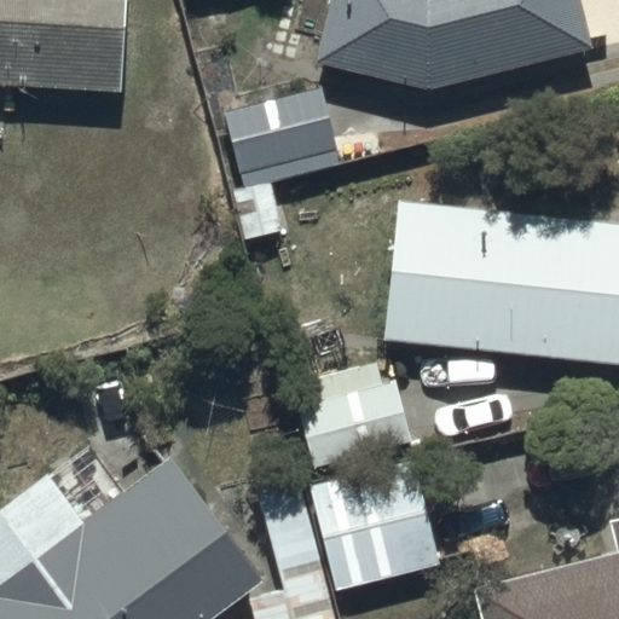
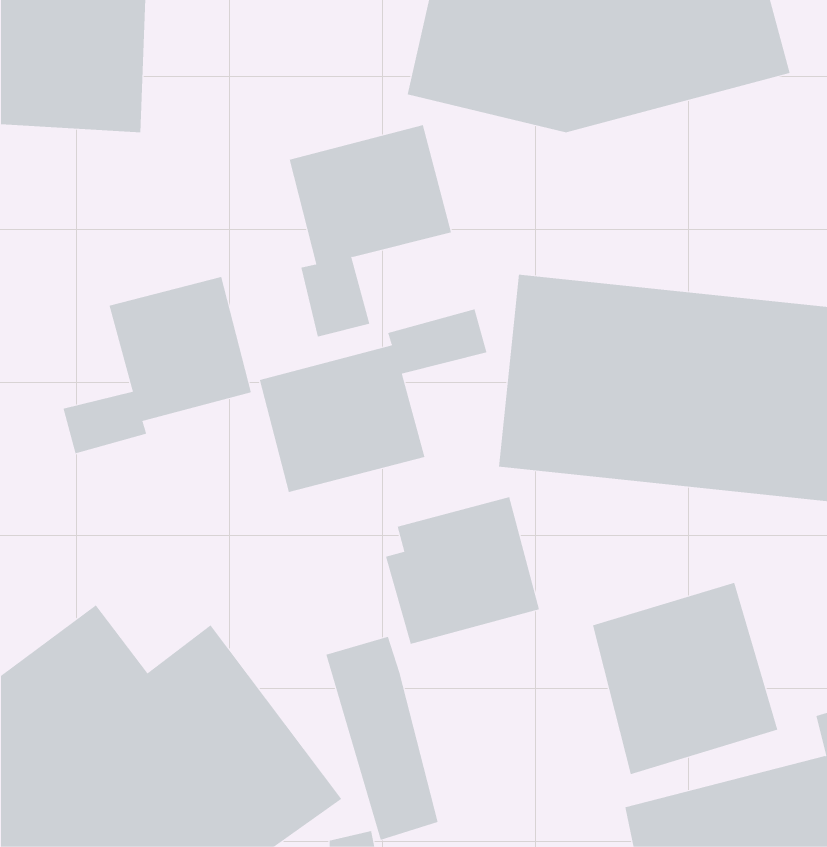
building: none -> [63,276,252,454]
building: none -> [259,308,487,493]
building: [307,458,442,598] -> [592,582,778,775]

